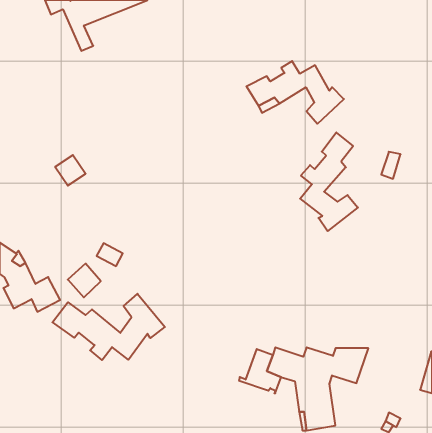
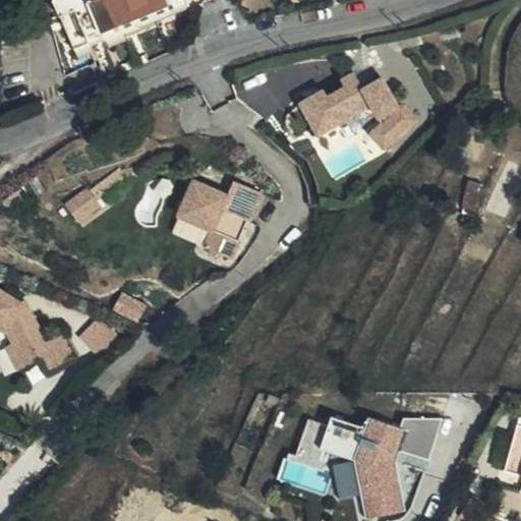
building: [300,132,358,231] -> none
building: none -> [172,184,255,263]
building: [52,294,165,360] -> none

